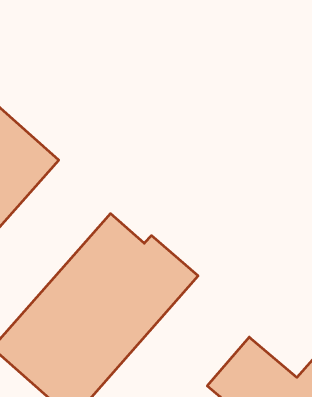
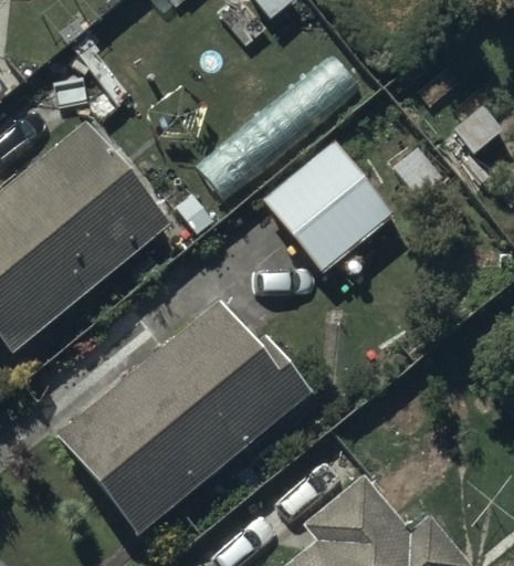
building: none -> [262,139,396,274]

